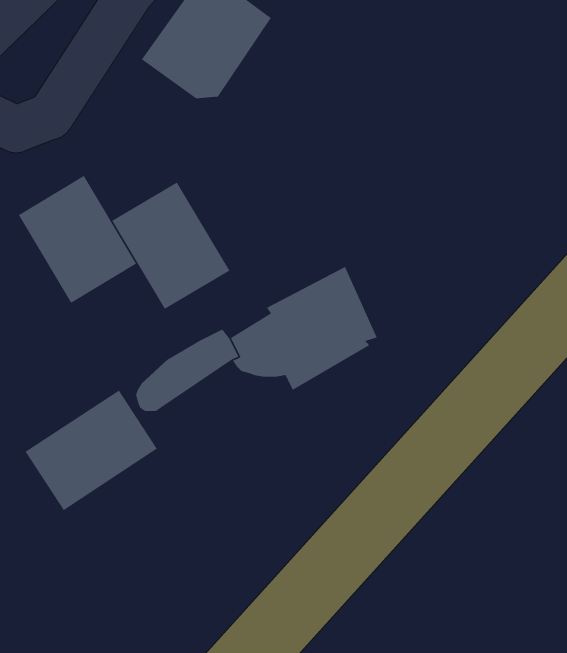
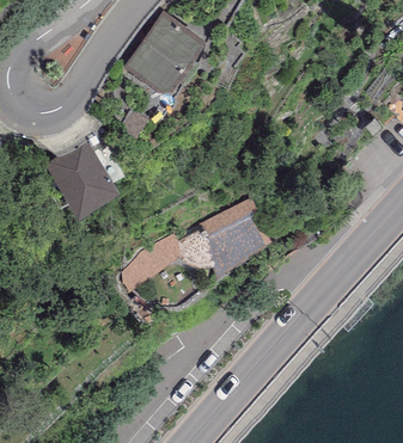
building: [111,181,230,310] -> none
building: [25,389,158,511] -> none

